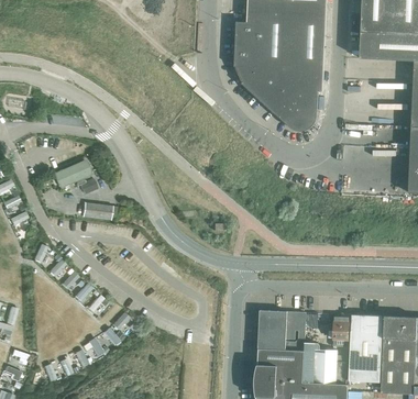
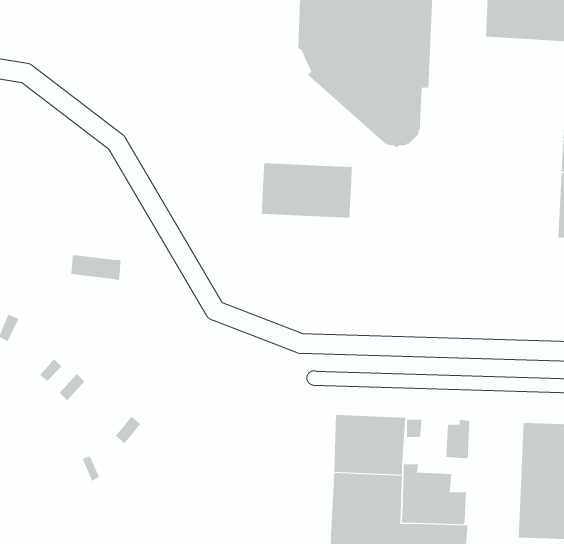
building: none -> [261,163,353,219]
building: [53,160,96,195] -> none
building: [349,314,383,385] -> none

